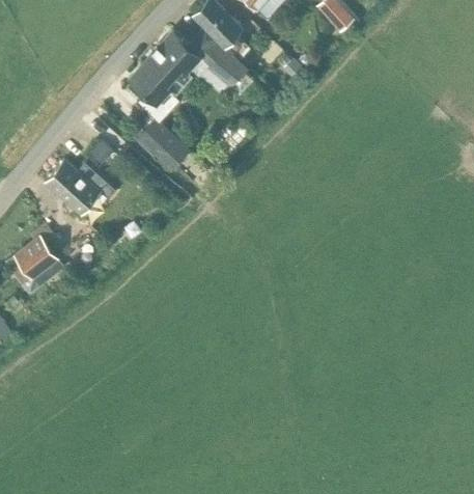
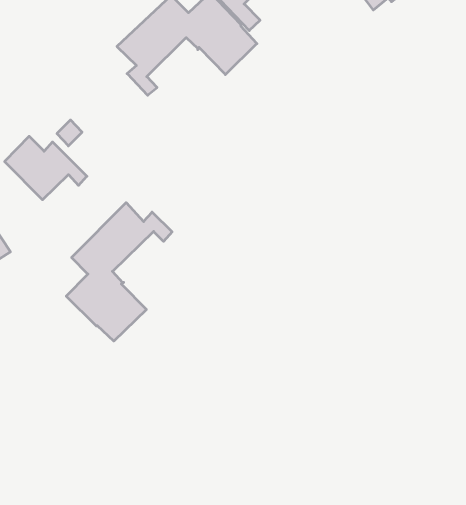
building: [140,122,185,166] -> none
building: none -> [66,203,172,341]

